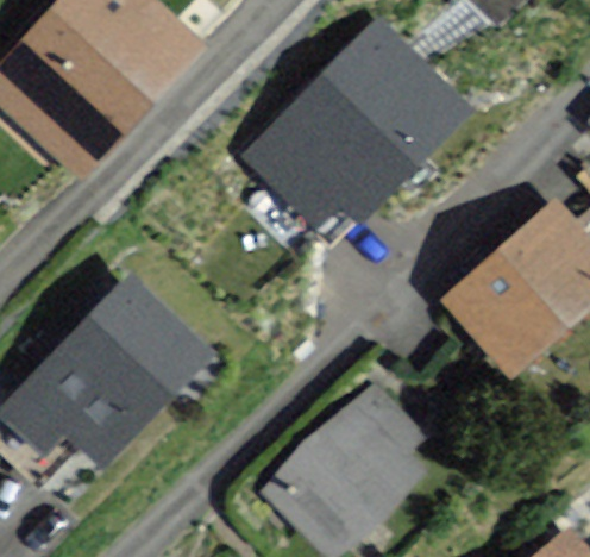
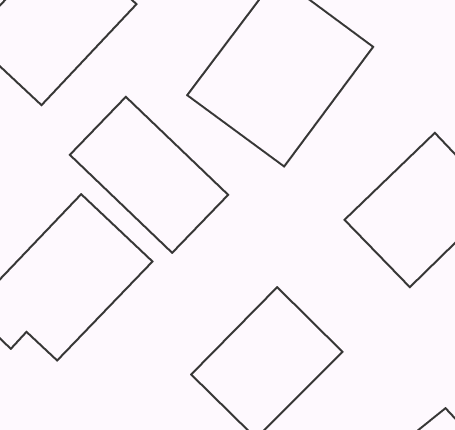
building: none -> [70,97,228,253]

